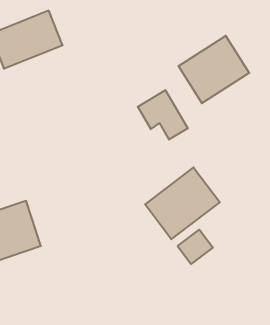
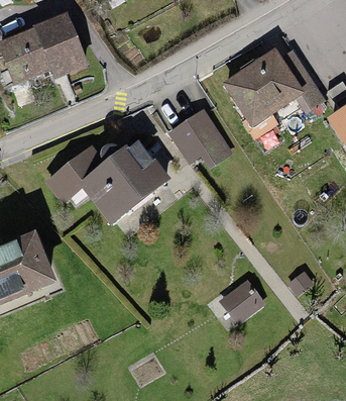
building: none -> [45,143,168,220]
building: [145,167,220,239] -> none

